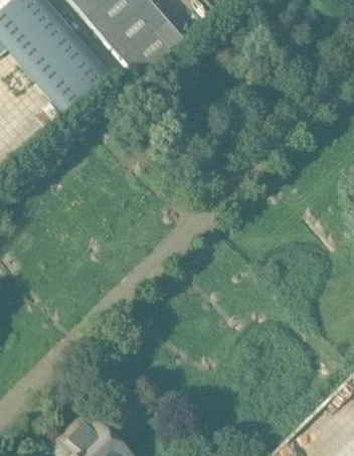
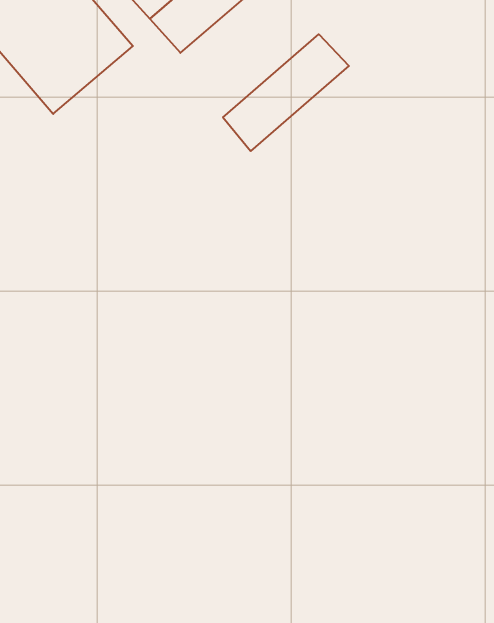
building: none -> [223,34,349,151]

